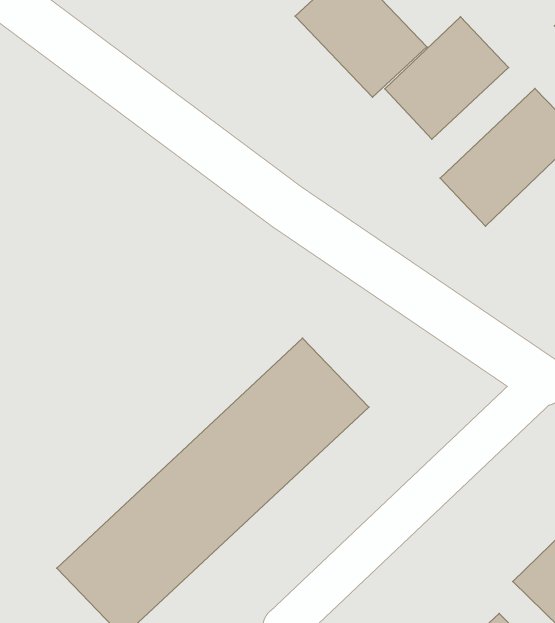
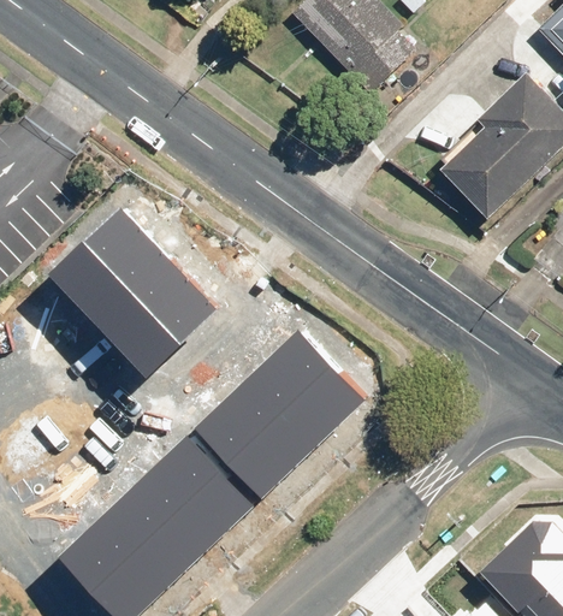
building: [385,17,508,139] -> none
building: none -> [51,209,217,375]

